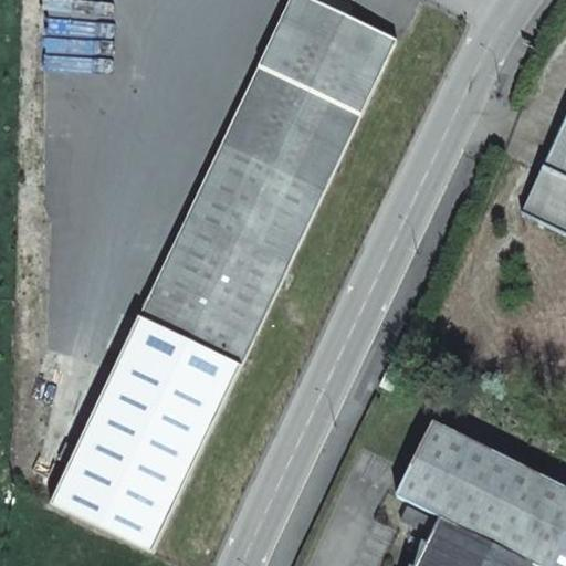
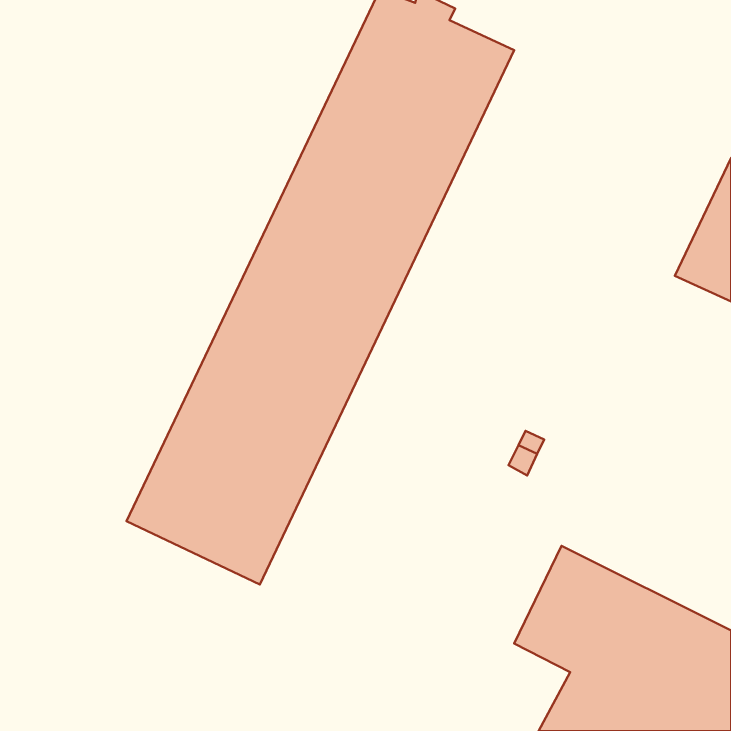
building: [50,401,200,553] -> none

